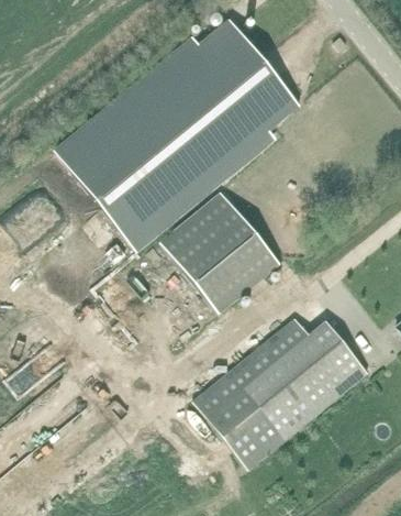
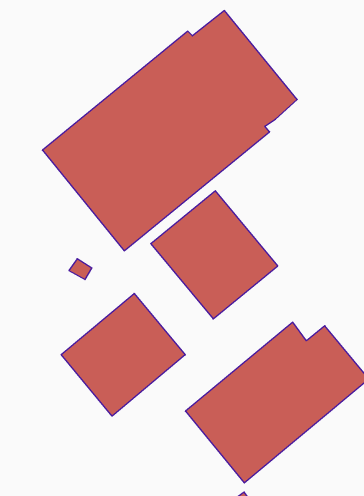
building: none -> [61,293,185,416]

